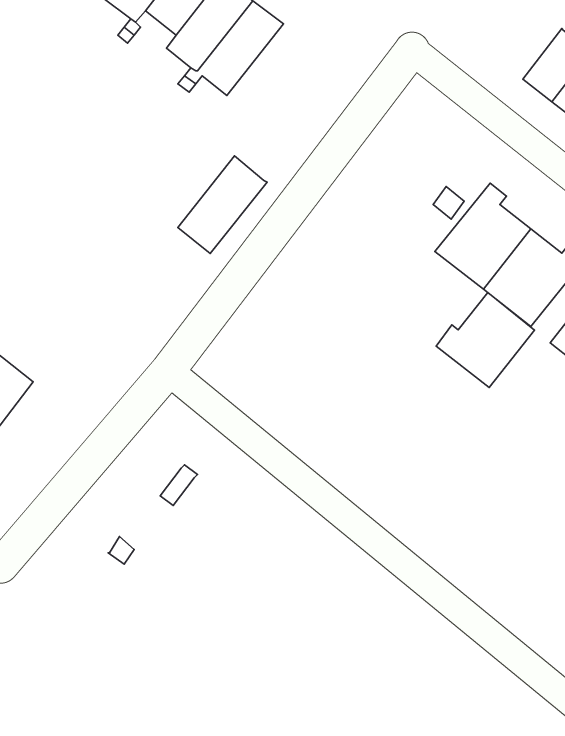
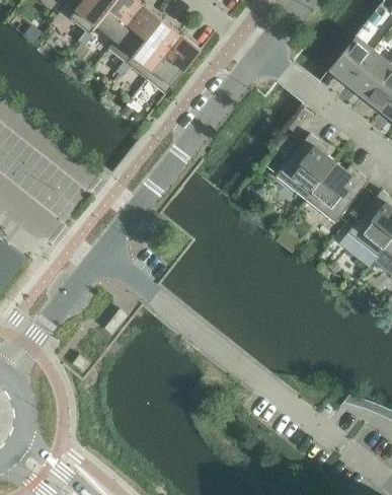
building: [178,156,267,254] -> [144,34,200,95]
building: [436,292,535,387] -> none

